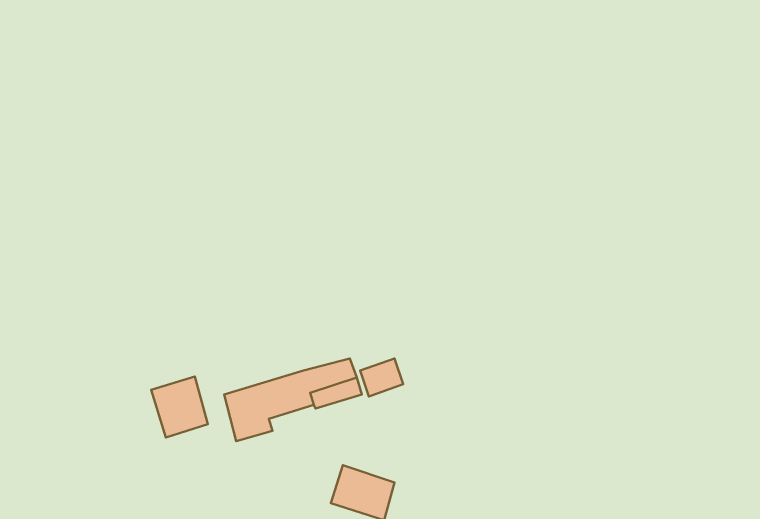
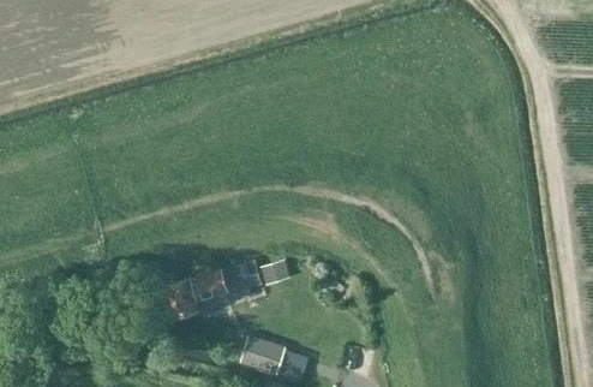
building: [151,376,208,438] -> none

